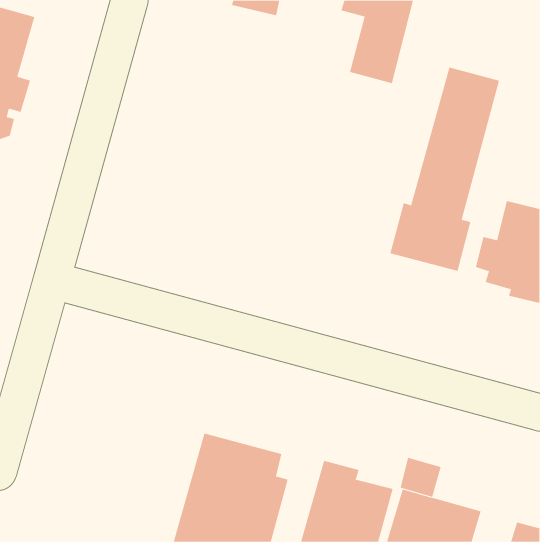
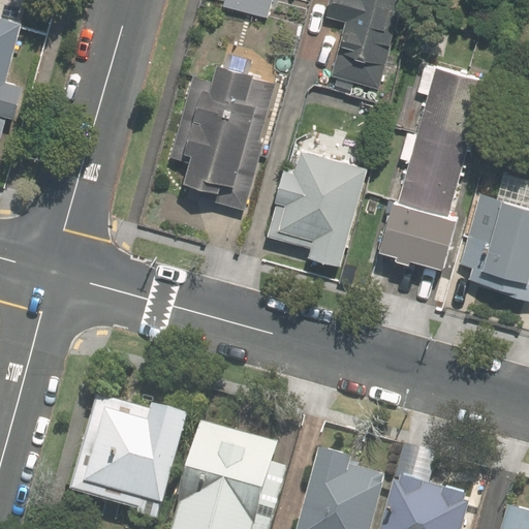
building: none -> [167,45,261,205]
building: none -> [270,148,368,262]
building: none -> [68,395,188,515]

